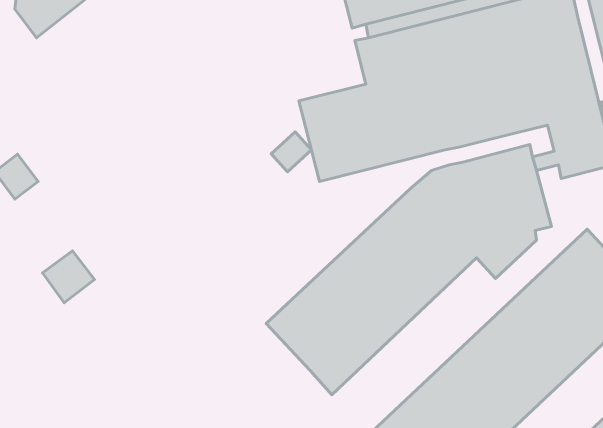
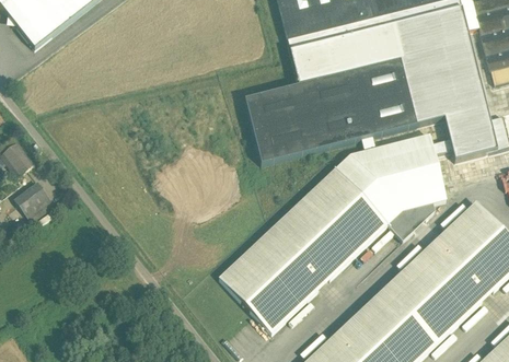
building: [271,132,311,172] -> none
building: [42,251,94,303] -> [14,179,56,221]

